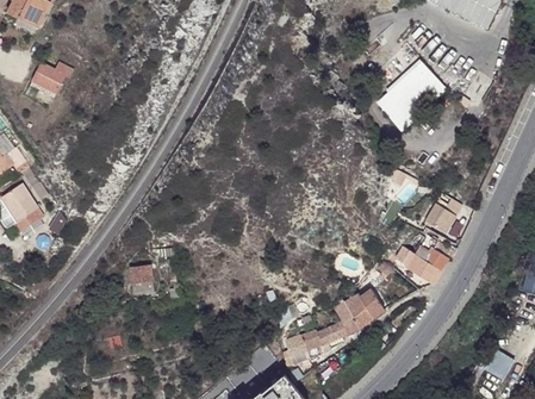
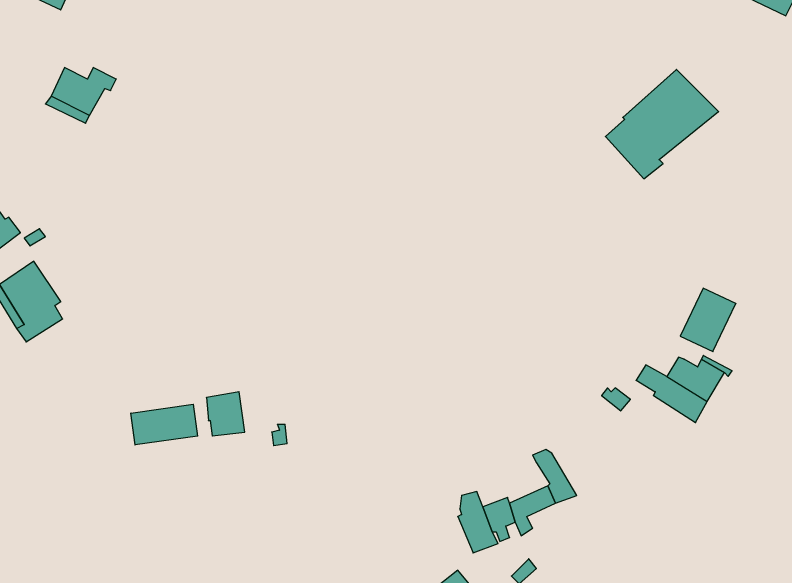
building: none -> [131,404,198,445]
building: [343,289,384,328] -> none

